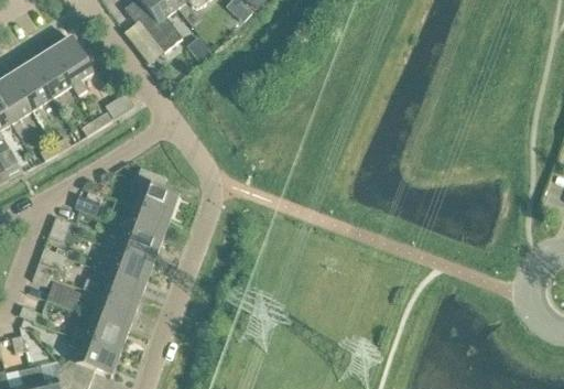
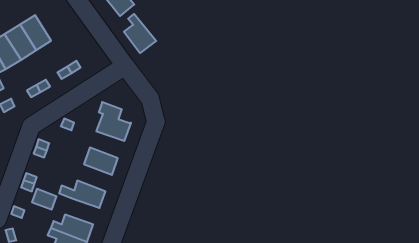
building: [50,36,91,94] -> none
building: none -> [124,14,156,53]
building: [122,204,169,240] -> none
building: [106,248,152,284] -> none
building: [89,293,135,328] -> none

